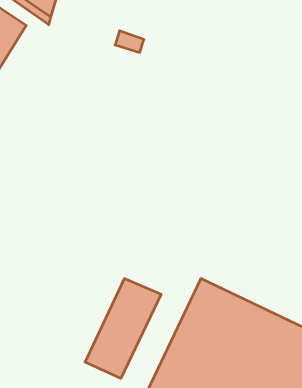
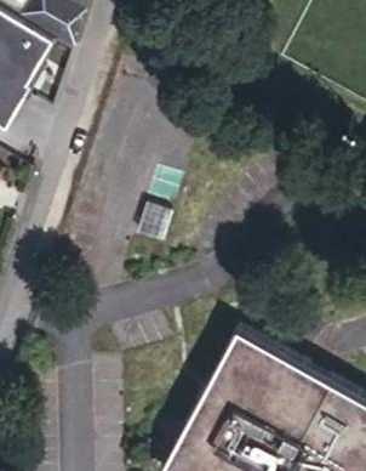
building: [85,279,161,378] -> none

